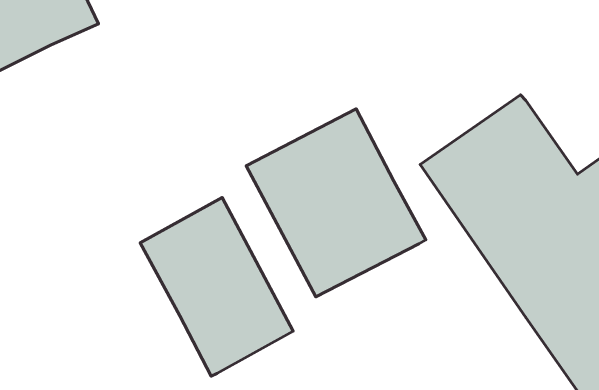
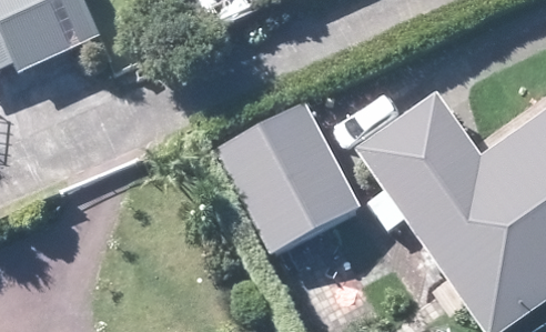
building: [140,198,293,376] -> none

